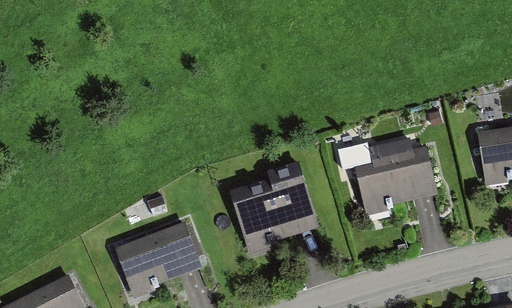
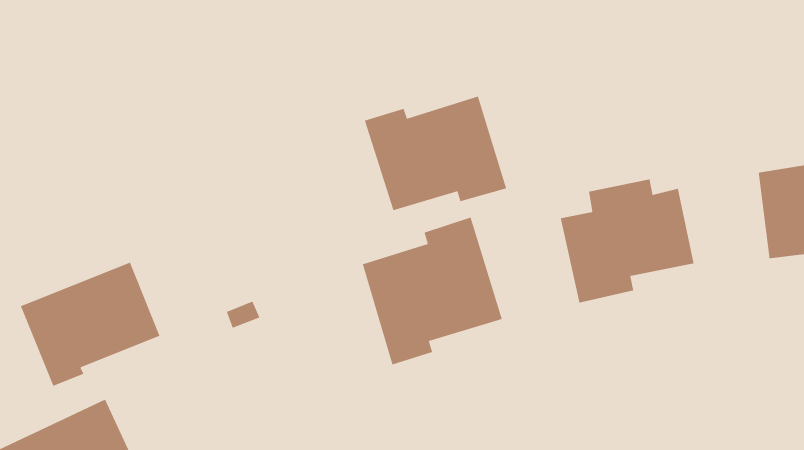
building: none -> [364,96,507,211]
building: [115,218,204,297] -> [20,262,161,387]

